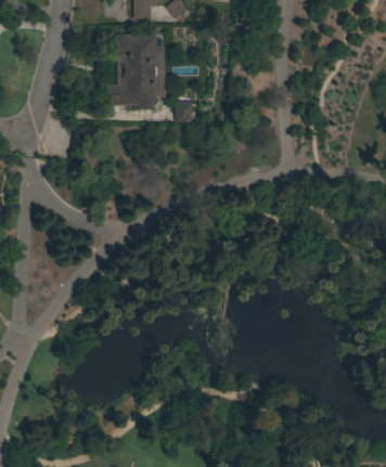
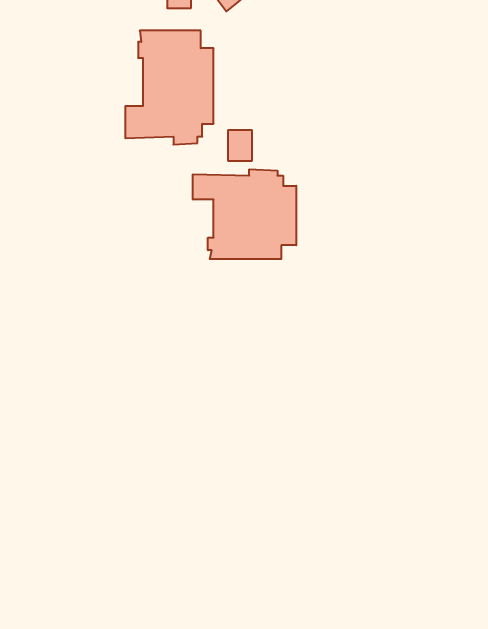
building: none -> [193,169,296,259]

